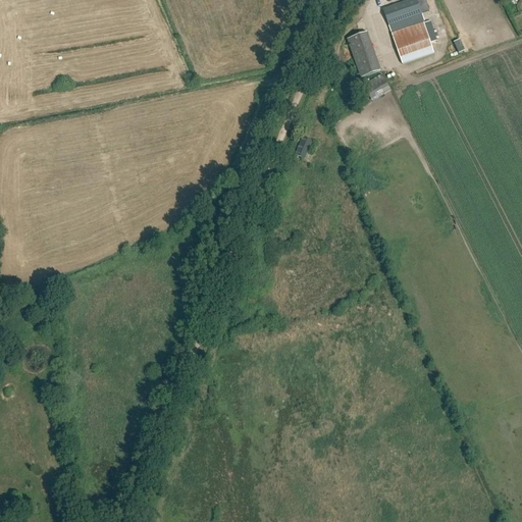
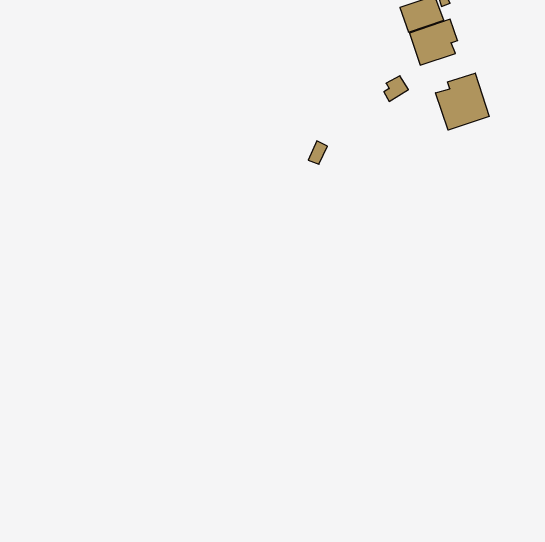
building: [346,29,376,73] -> none
building: none -> [436,73,489,130]

